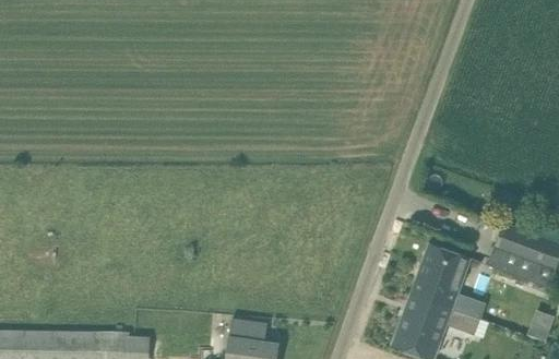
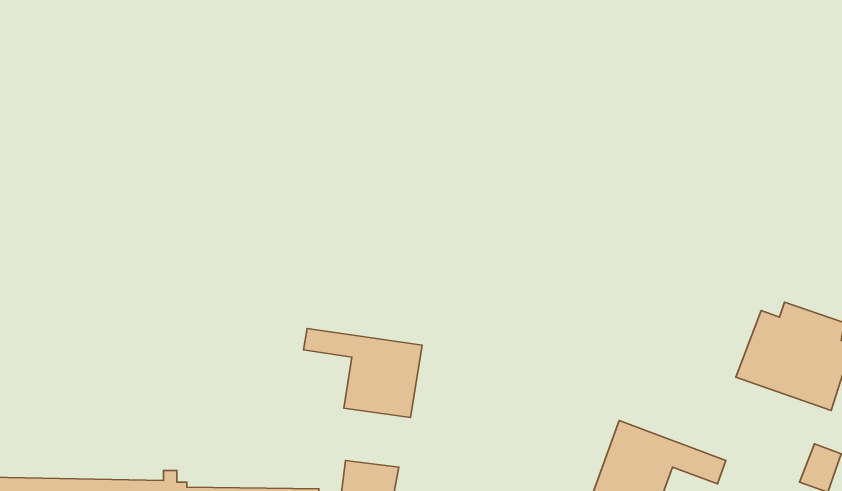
building: none -> [304,328,422,418]
building: [411,242,486,320] -> none

